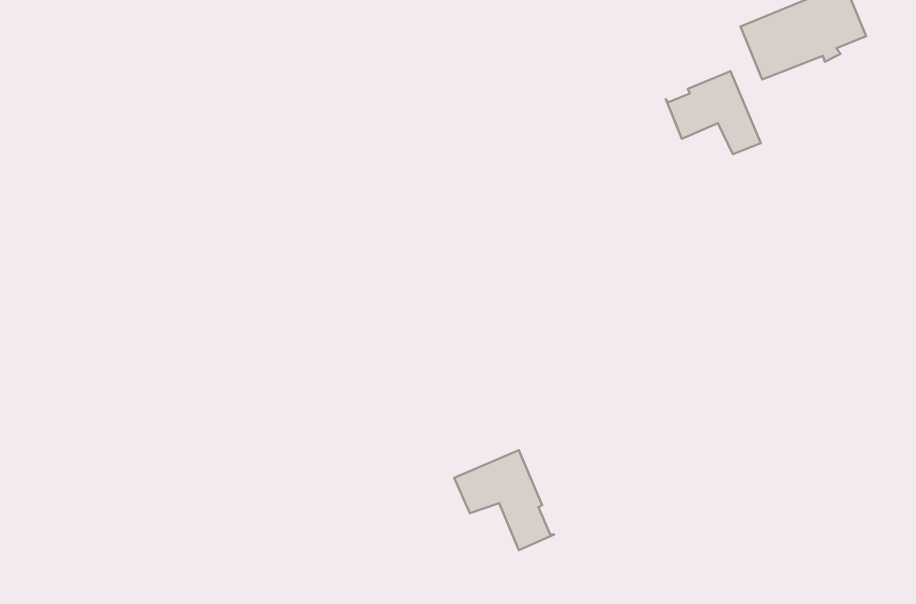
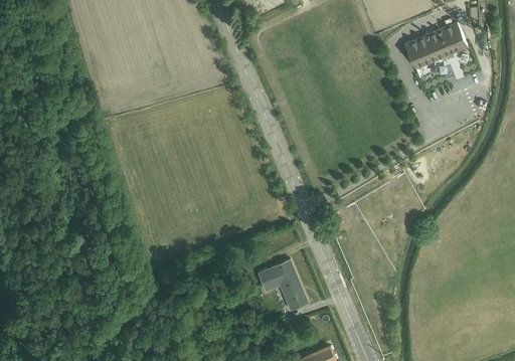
building: [666,71,761,154] -> none

